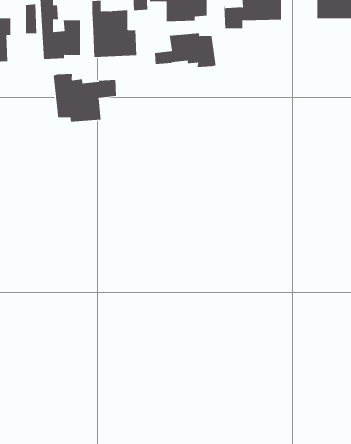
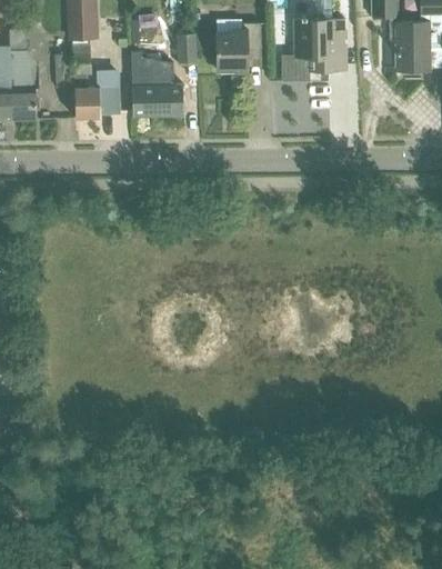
building: [154,33,216,68] -> none
building: [53,73,116,122] -> none

